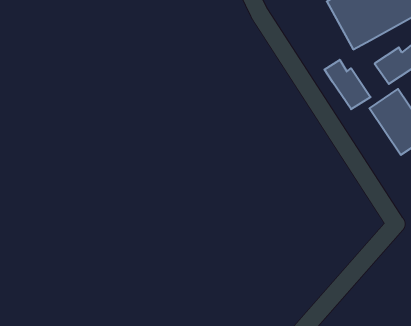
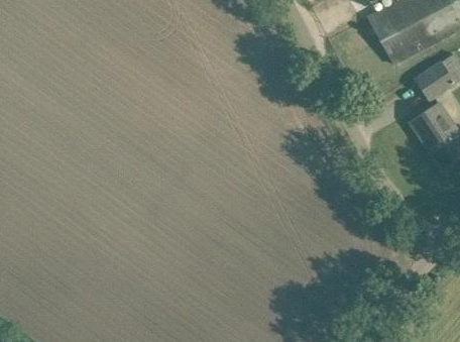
building: [324,60,371,109] -> none

